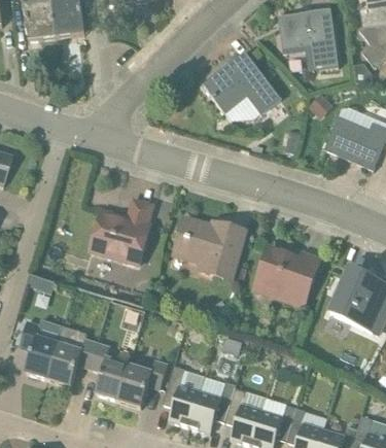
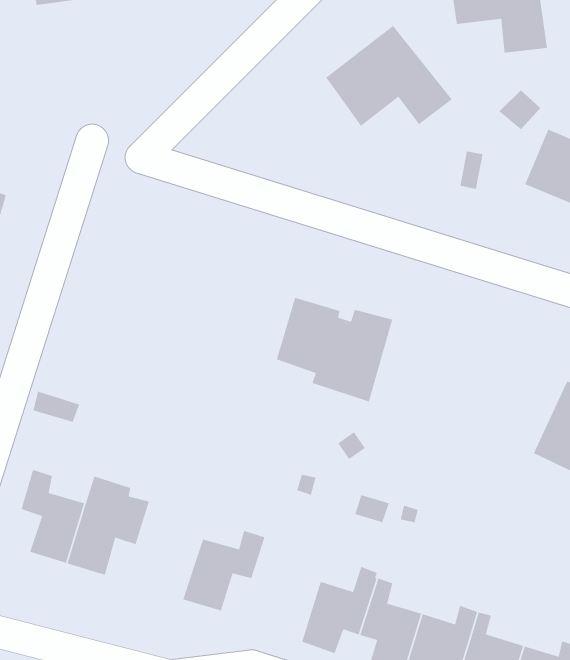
building: [91,199,153,264] -> none
building: [254,246,320,308] -> none
building: [90,340,130,400] -> none
building: [162,364,201,425] -> none

